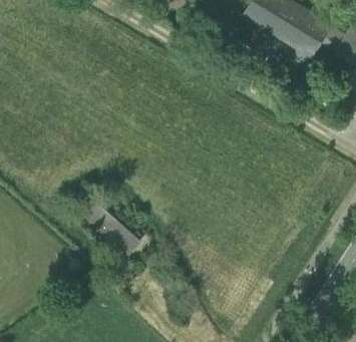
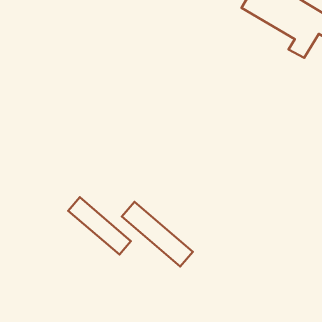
building: none -> [122,202,193,267]

